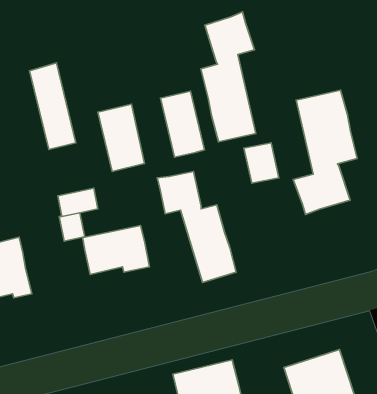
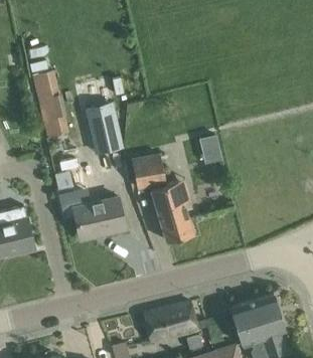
building: [201,12,256,142] -> none
building: [293,90,357,215] -> none
building: [160,91,205,157] -> none

